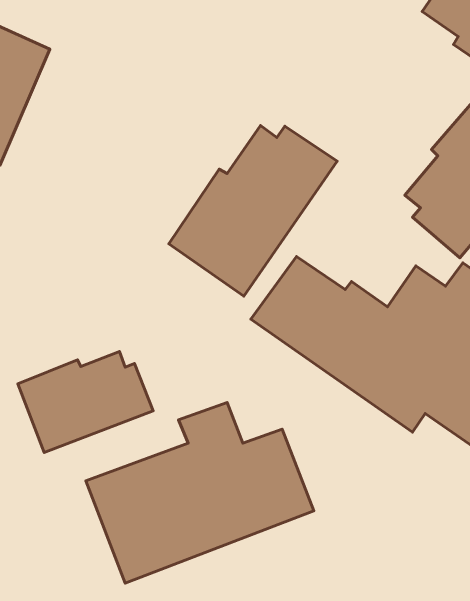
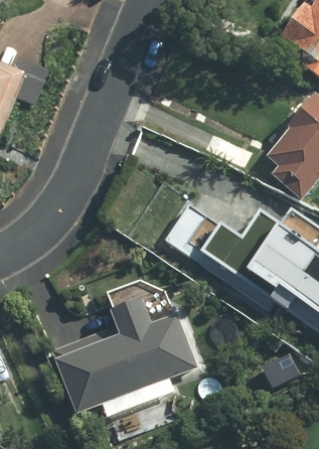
building: [169,126,337,296] -> none
building: [18,352,153,452] -> none

